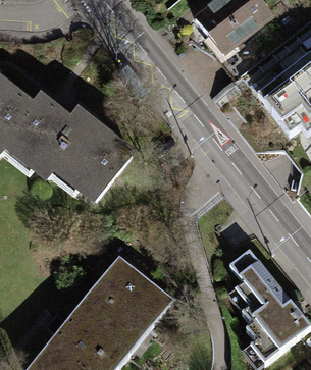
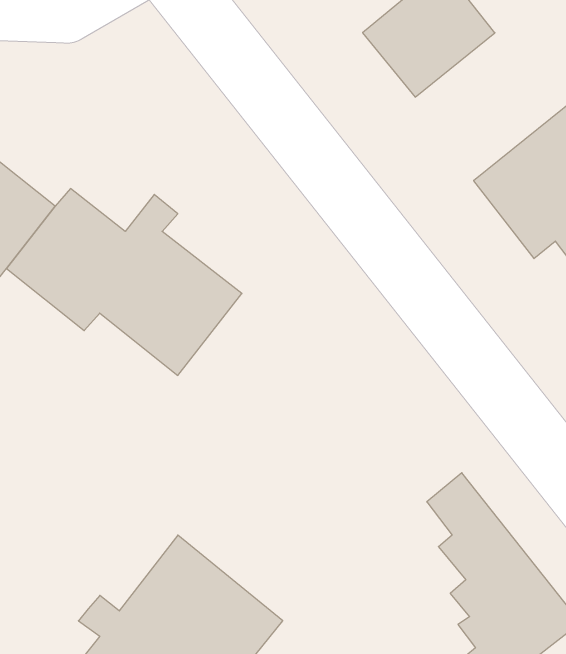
building: [99,255,176,326] -> none

